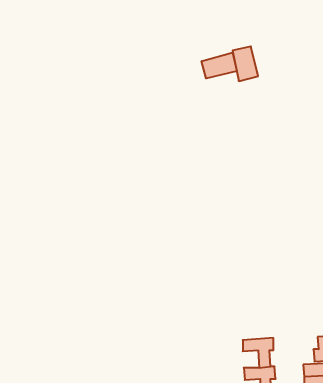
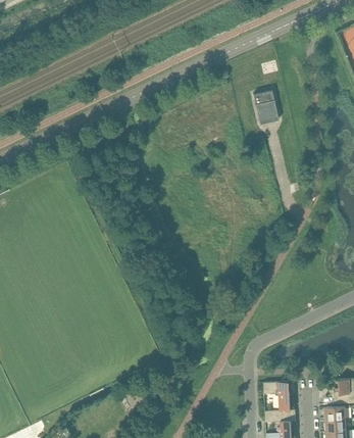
building: [202,52,237,78] -> none

